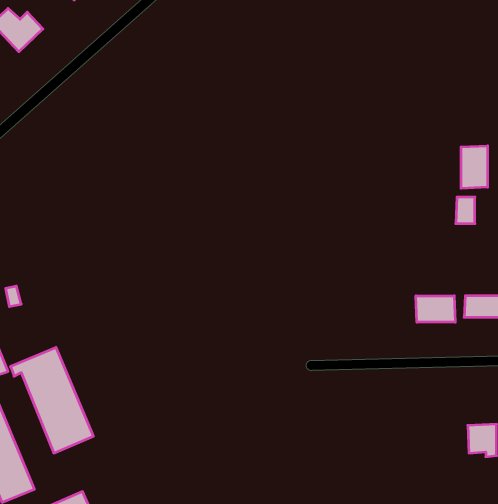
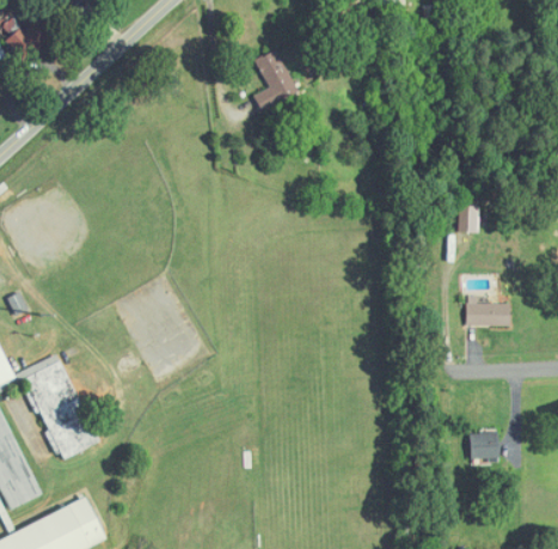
building: none -> [255,49,299,110]
building: [461,146,488,188] -> none
building: [416,296,455,322] -> none

